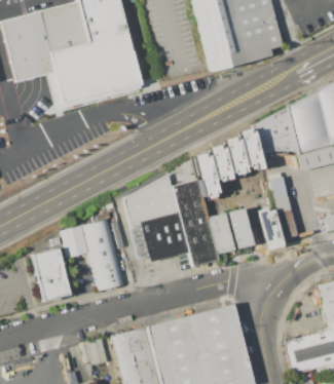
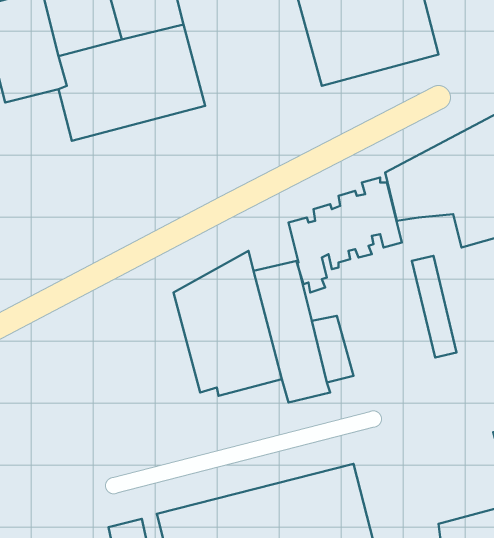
building: [227,207,253,247] -> none
building: [256,207,283,248] -> none
building: [60,218,125,291] -> none
building: [32,247,70,301] -> none

